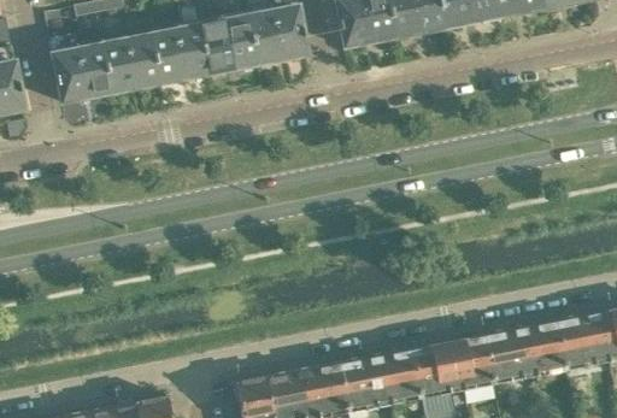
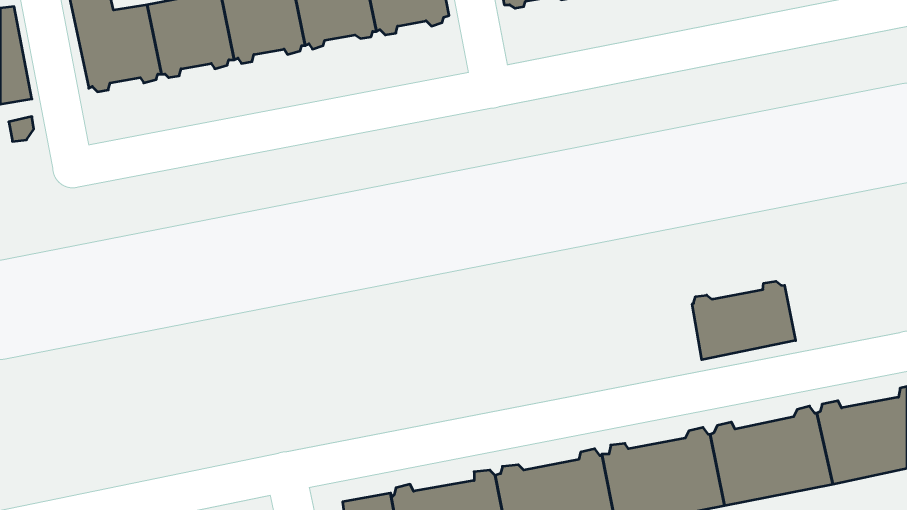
building: none -> [692,281,796,360]

